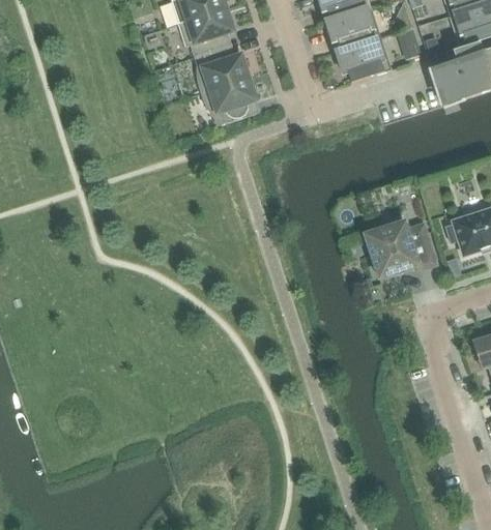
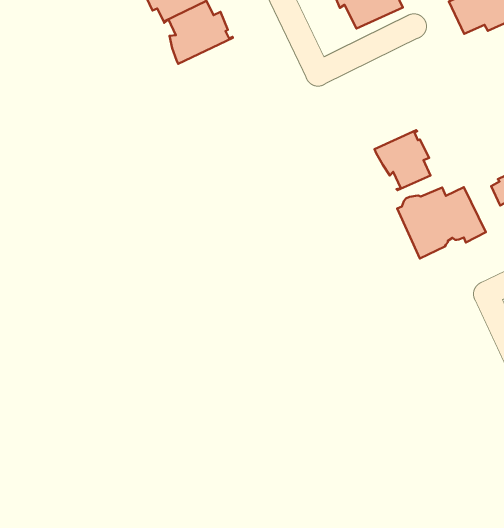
building: [201,77,256,124] -> none
building: none -> [374,130,430,190]

